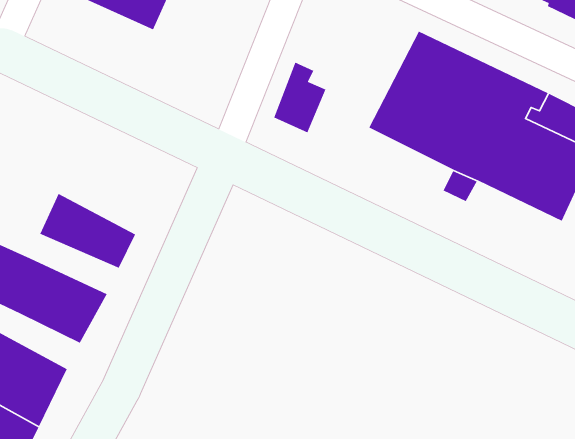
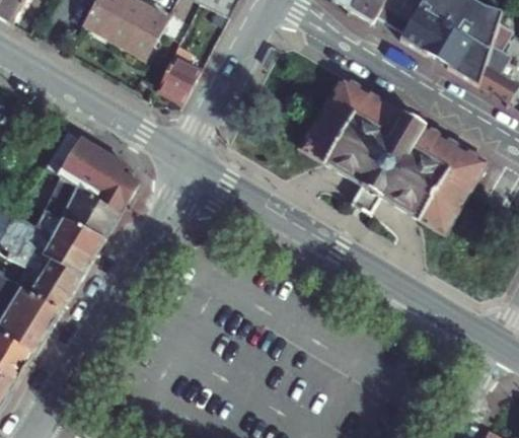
building: [273,61,327,133] -> [158,46,201,101]
building: none -> [45,128,139,213]
building: none -> [36,207,103,257]
building: none -> [16,267,69,311]

